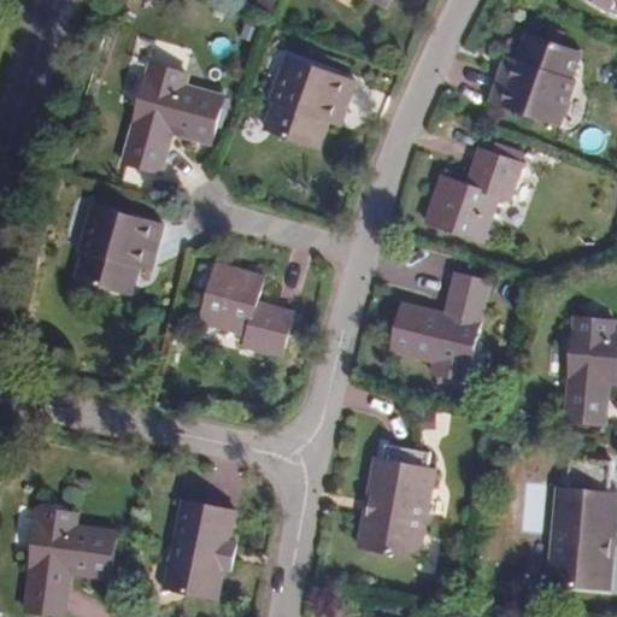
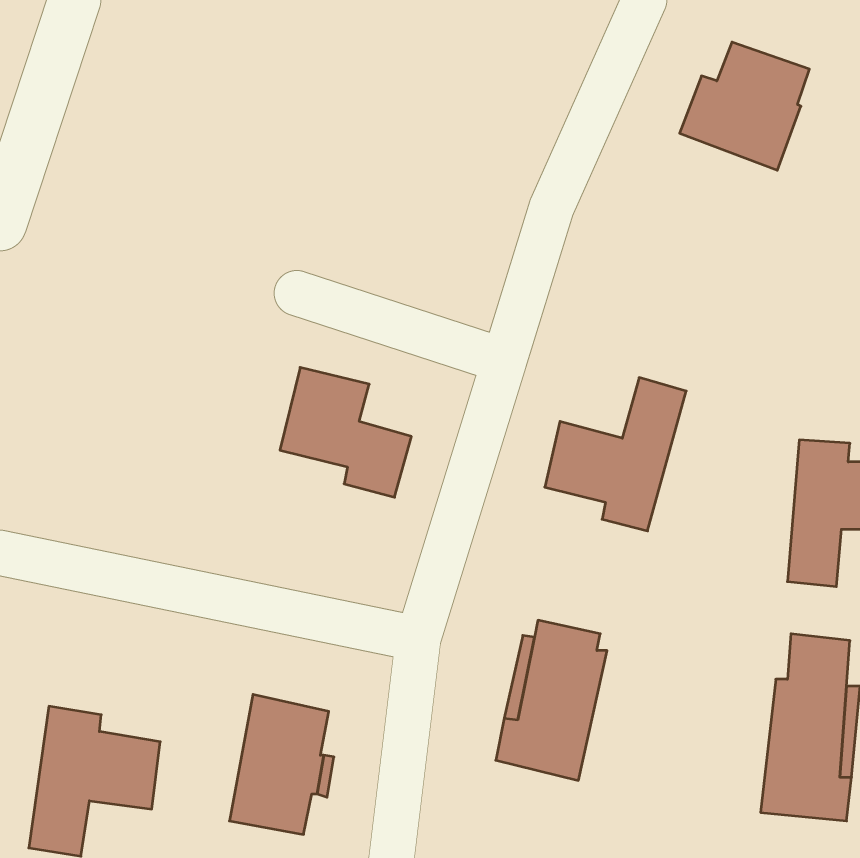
building: [264,52,358,147] -> none
building: [123,59,227,169] -> none
building: [425,149,522,243] -> none
building: [75,202,164,290] -> none

